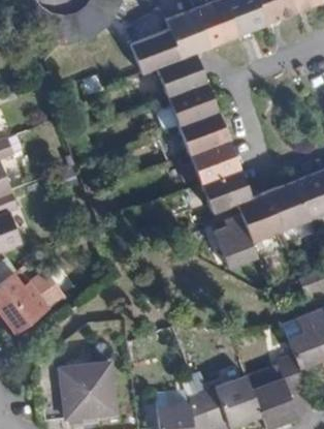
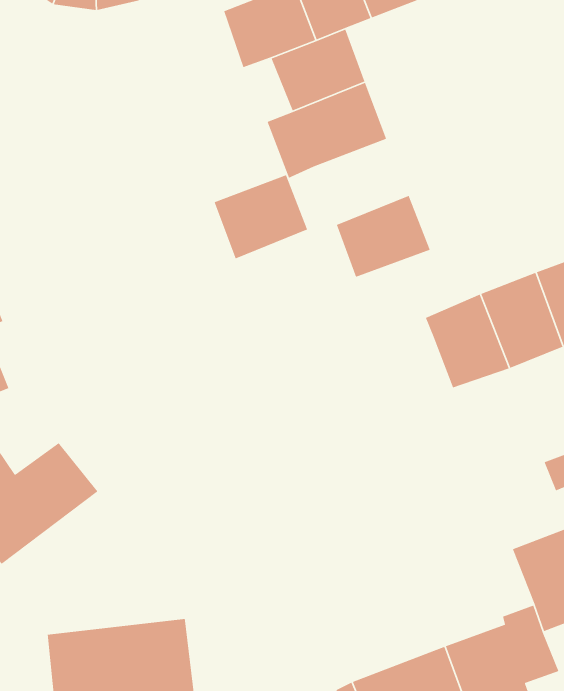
building: [179,111,228,155] -> [213,174,308,259]
building: [200,168,251,213] -> none
building: [215,214,257,268] -> none

